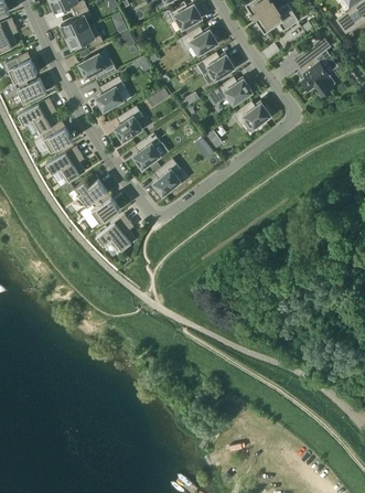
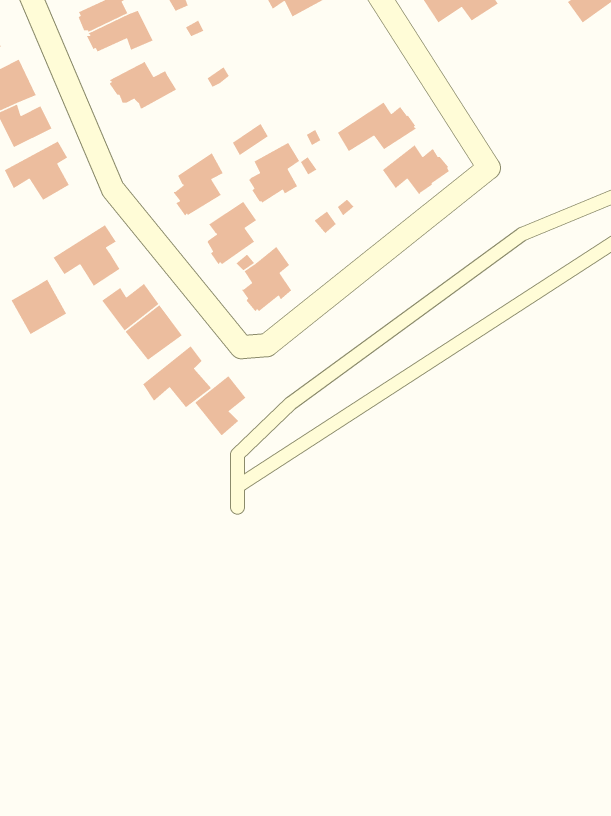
building: [180,26,218,54] -> none
building: [294,39,331,96] -> none
building: [197,52,235,79] -> none
building: [96,76,126,111] -> [248,142,300,204]
building: [41,120,73,152] -> [11,279,67,335]
building: none -> [194,375,246,437]

